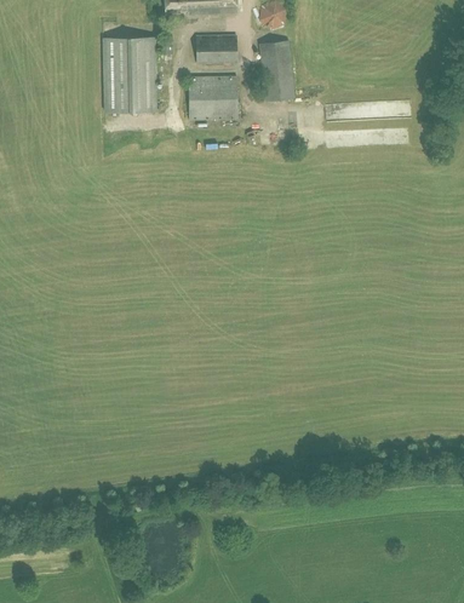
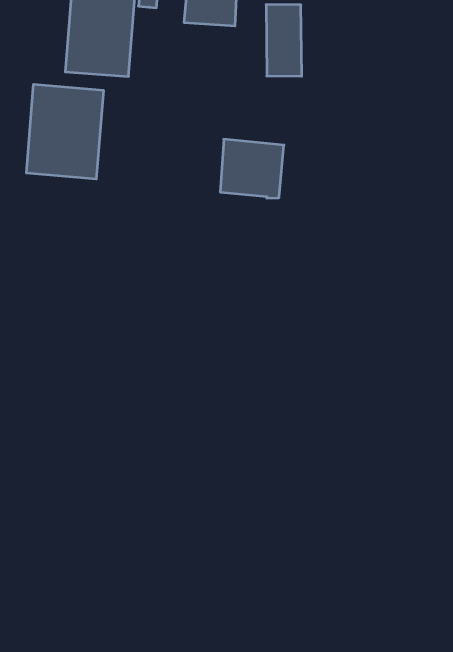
building: [189,76,237,120] -> [220,139,284,198]
building: none -> [27,84,103,179]

